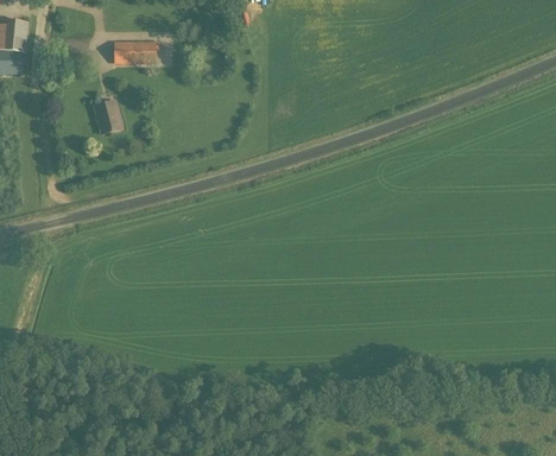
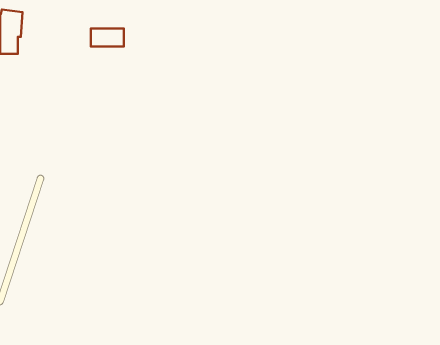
building: [95,100,124,133] -> none

